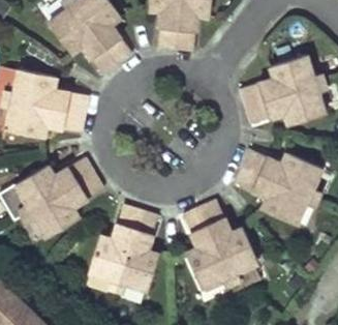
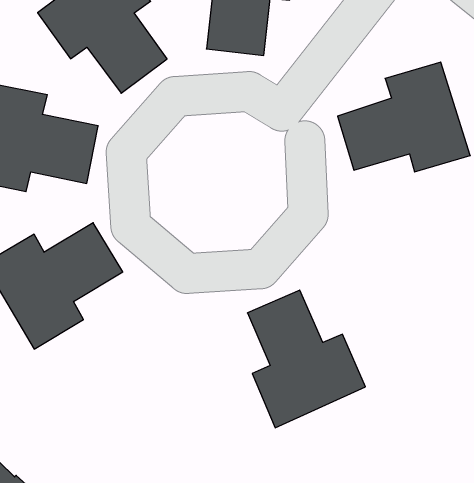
building: [234,149,320,225] -> none
building: [90,205,159,289] -> none

